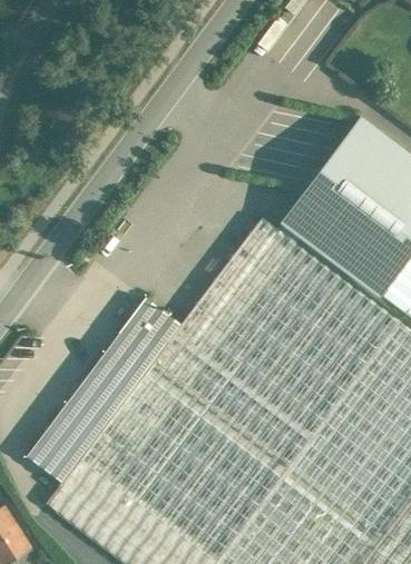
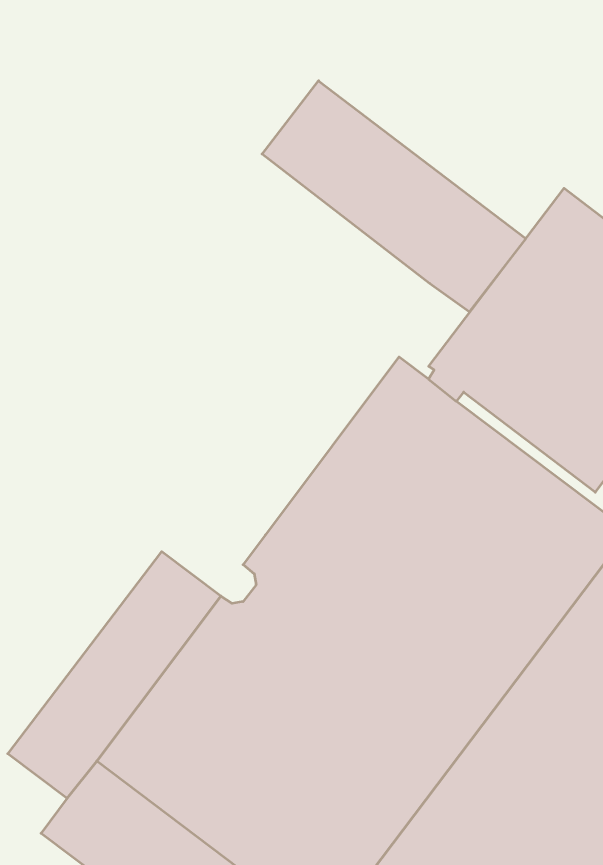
building: none -> [262,81,526,312]
building: [119,297,183,365] -> none

